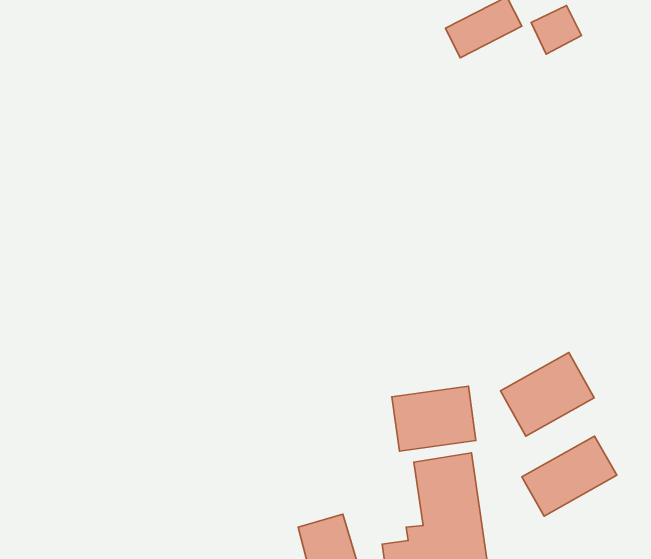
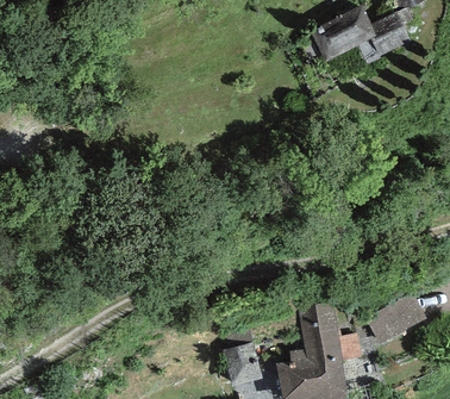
building: [500,352,594,436] -> none
building: [392,386,476,451] -> none

